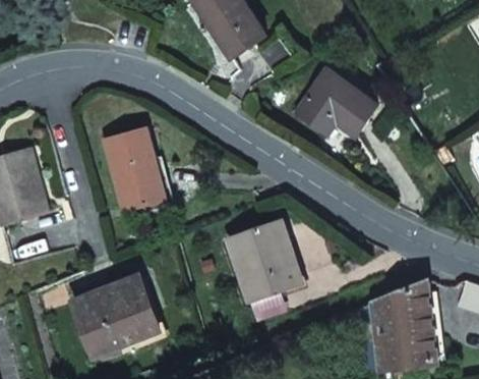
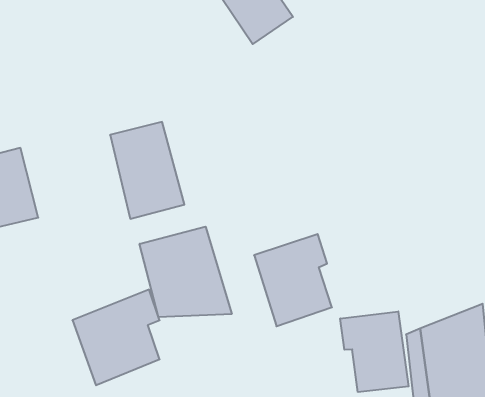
building: [296,69,375,137] -> none
building: none -> [140,227,232,317]
building: none -> [340,311,409,392]

